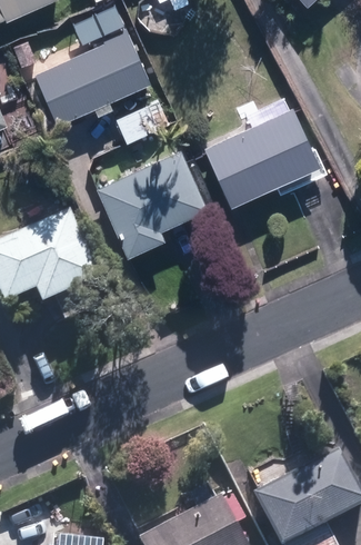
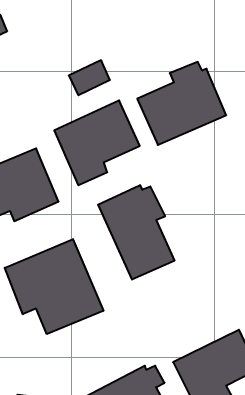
building: [34,27,151,125] -> none
building: none -> [98,185,174,280]
building: none -> [5,239,103,334]

